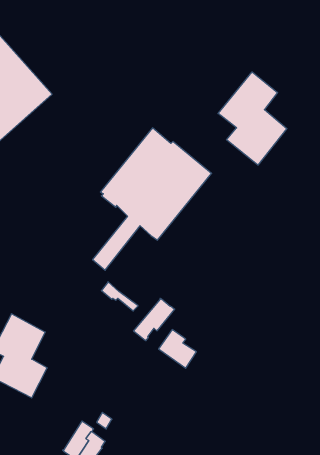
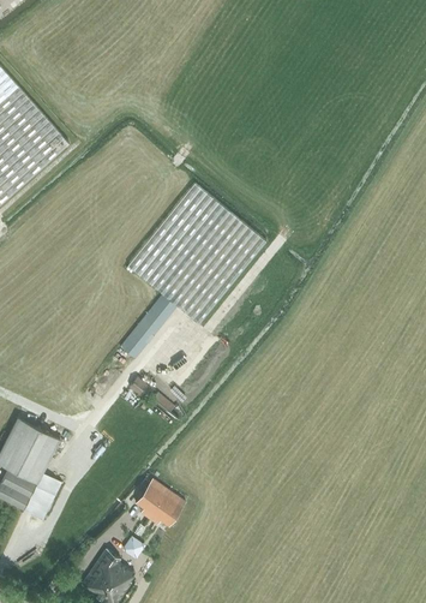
building: [218,72,287,165] -> none
building: [134,298,175,341] -> none
building: [159,330,196,368] -> [134,478,181,526]

